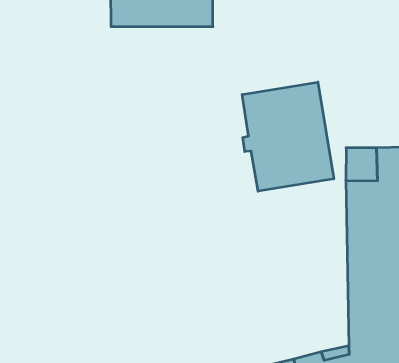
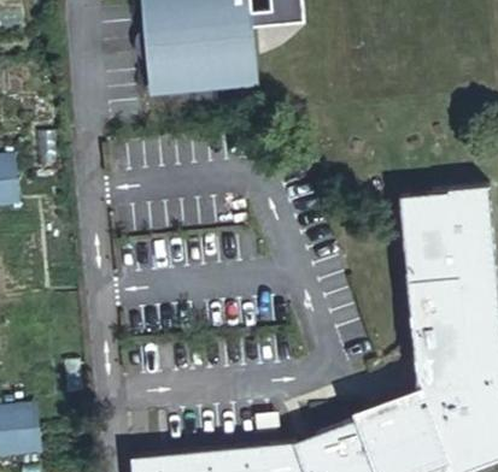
building: [242,82,334,191] -> none

